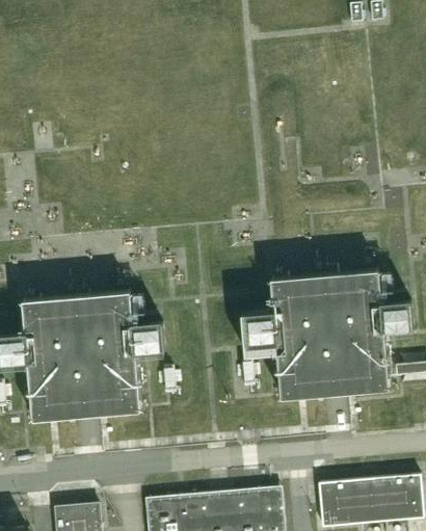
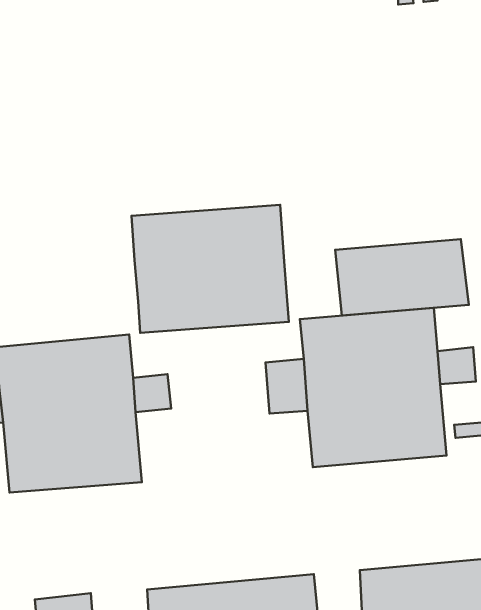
building: none -> [132,205,289,333]
building: none -> [335,239,469,316]

